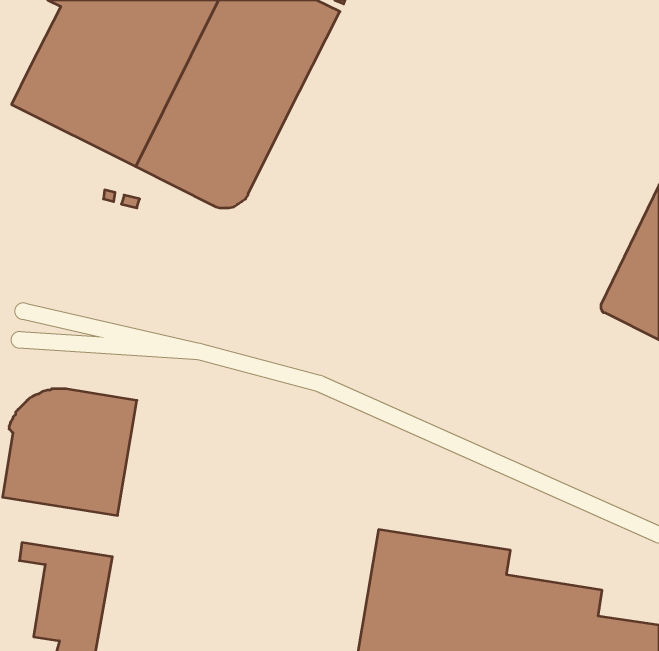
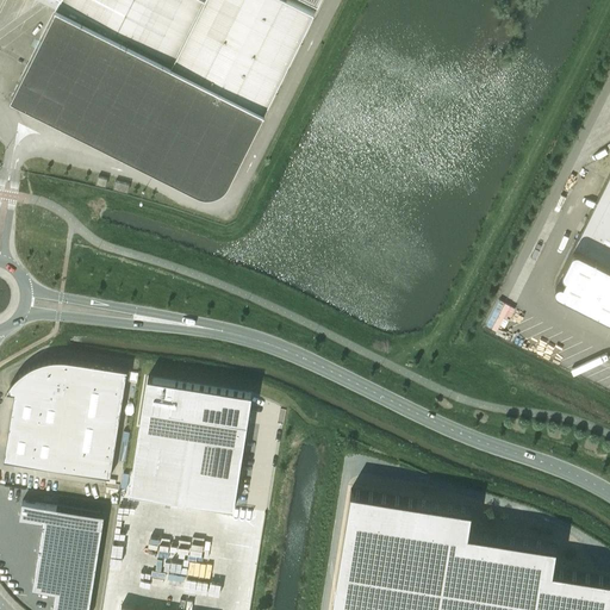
building: none -> [131,386,253,516]

